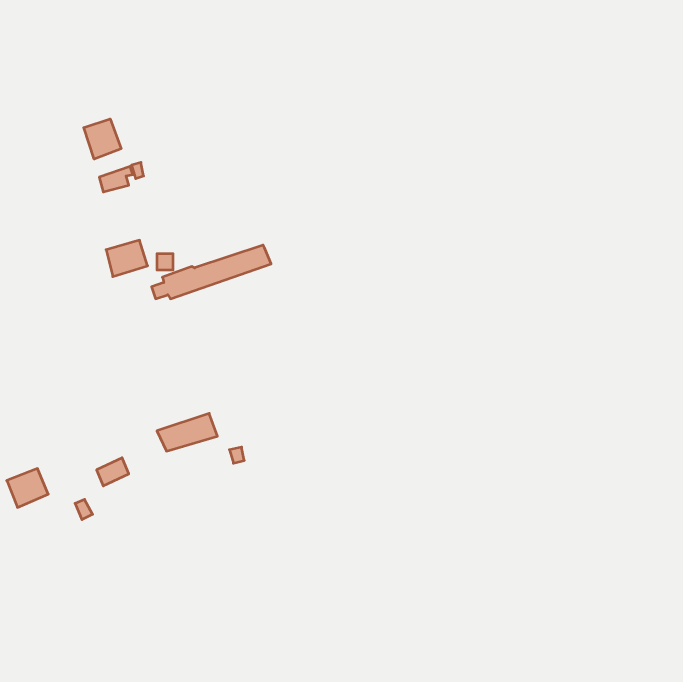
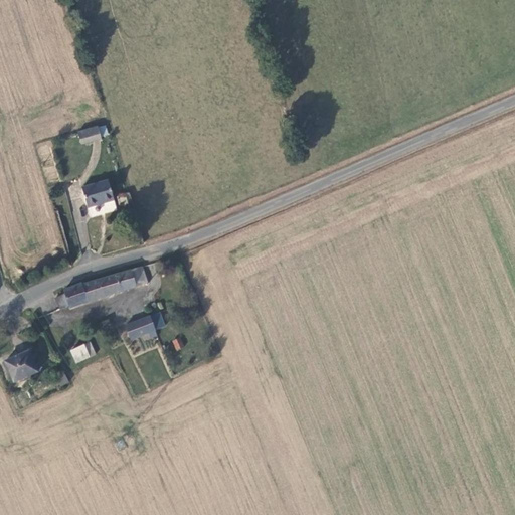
building: [84,119,121,159] -> none
building: [152,245,271,299] -> [58,268,148,308]

